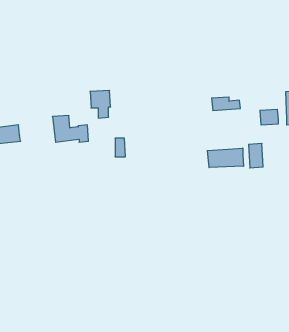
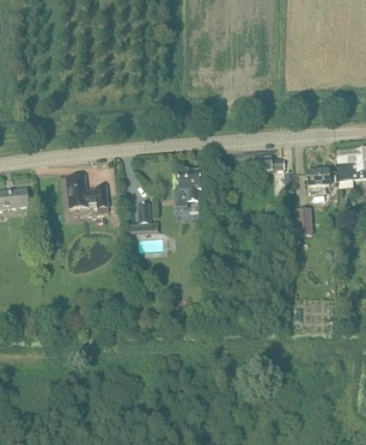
building: [90,90,111,118] -> [177,167,201,200]
building: [207,148,244,168] -> none

